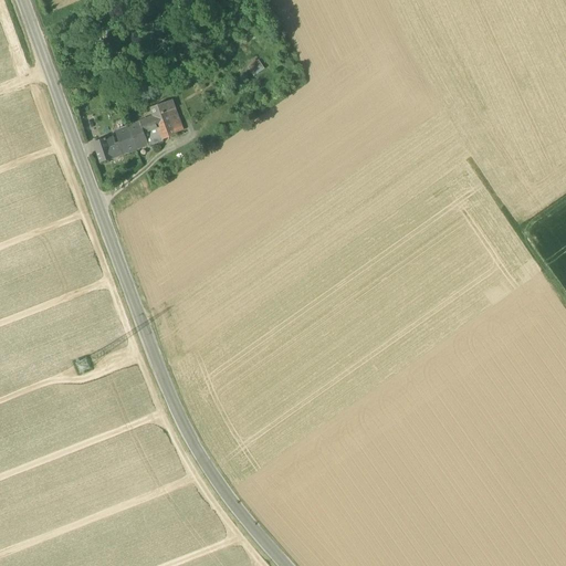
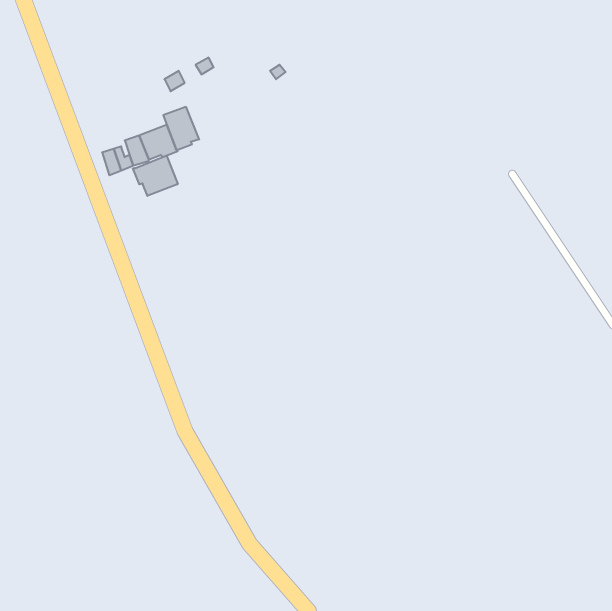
building: none -> [133,156,178,196]

